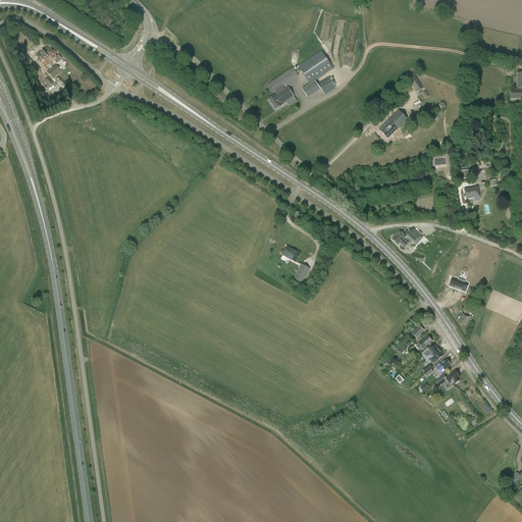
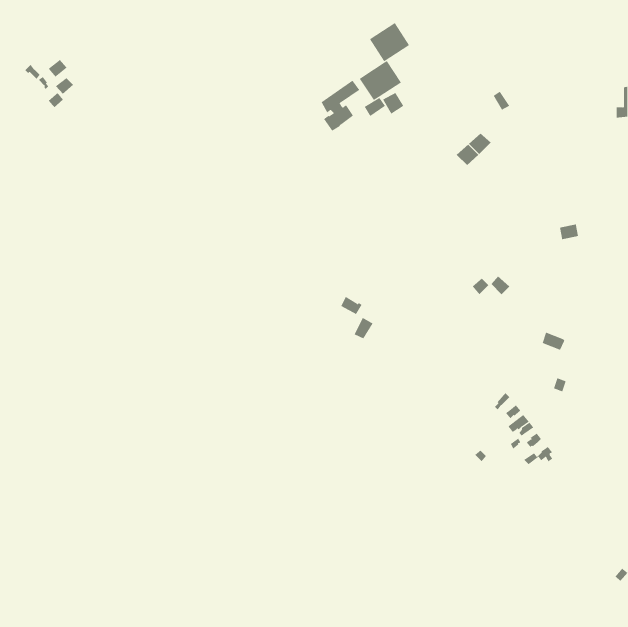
building: none -> [369,22,410,62]

